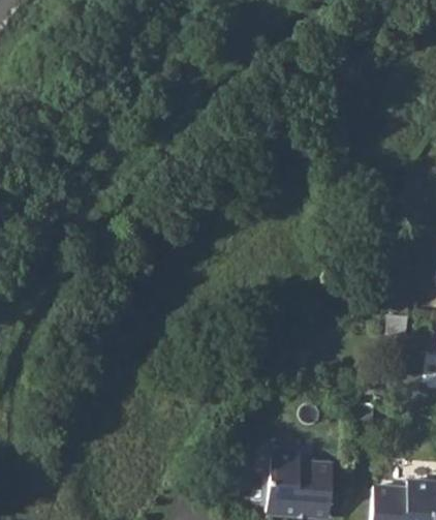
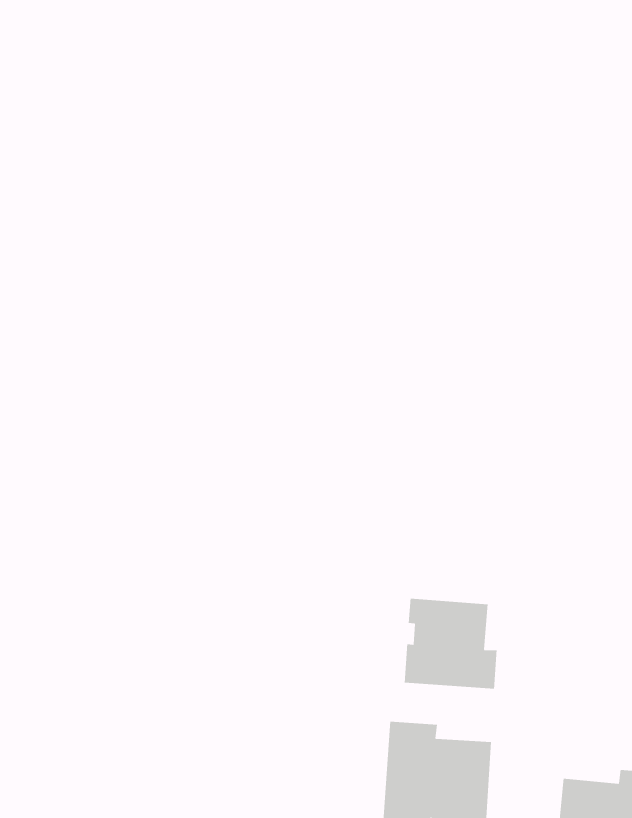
building: none -> [404,598,497,689]

